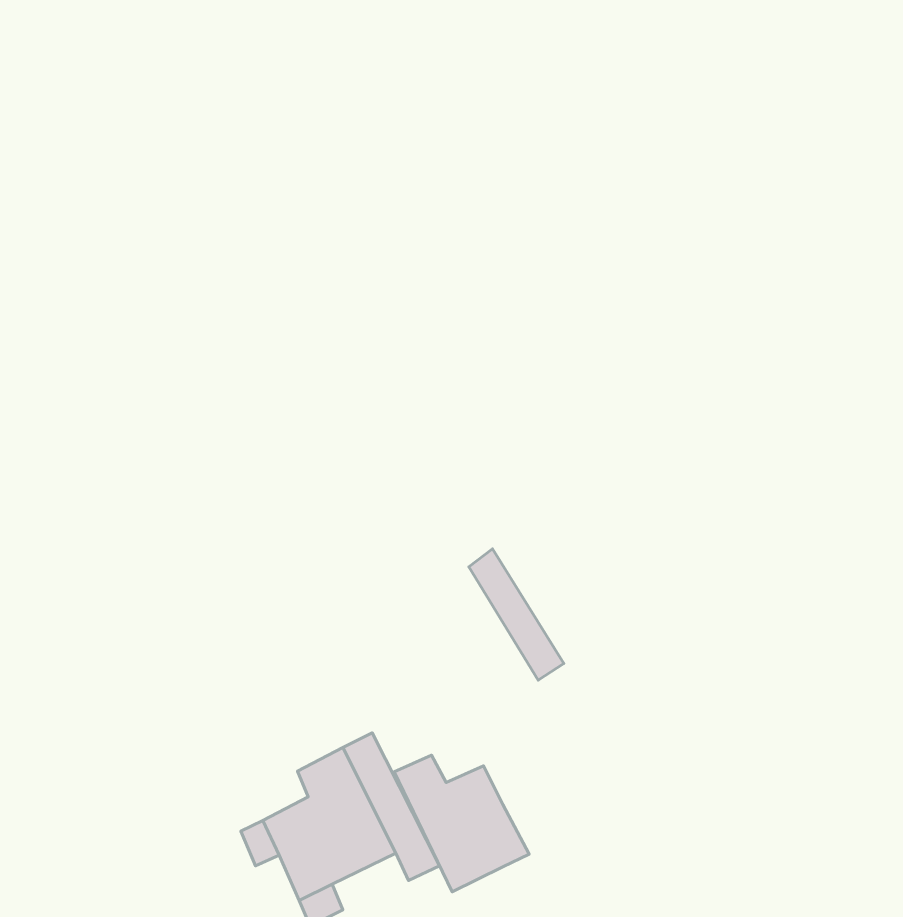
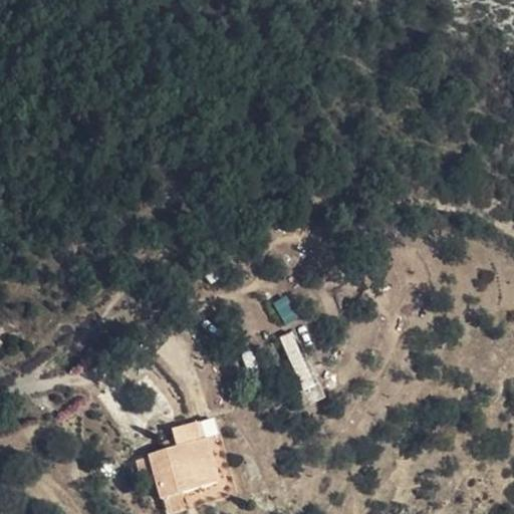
building: [394,755,529,892] -> none

